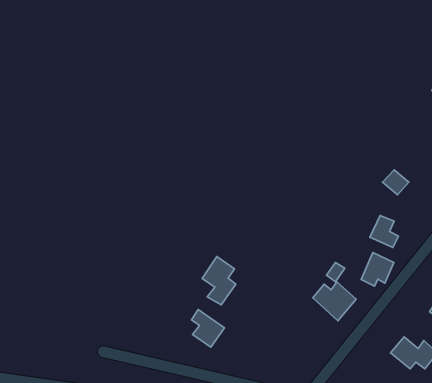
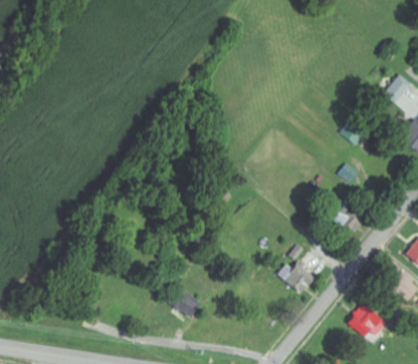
building: [361,252,394,286] -> none
building: [202,257,236,305] -> none

